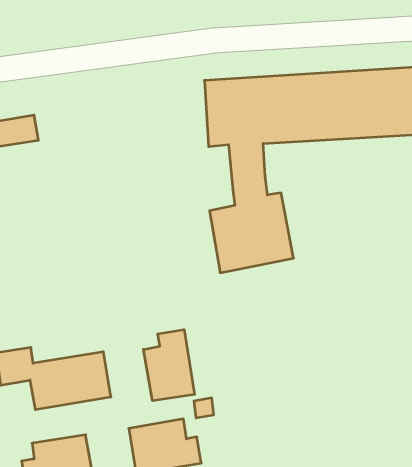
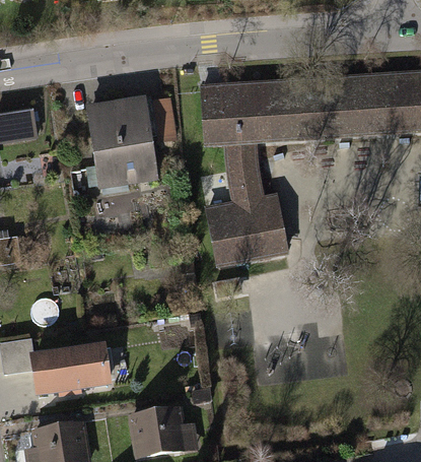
building: none -> [86,94,177,184]
building: [143,330,195,401] -> none

